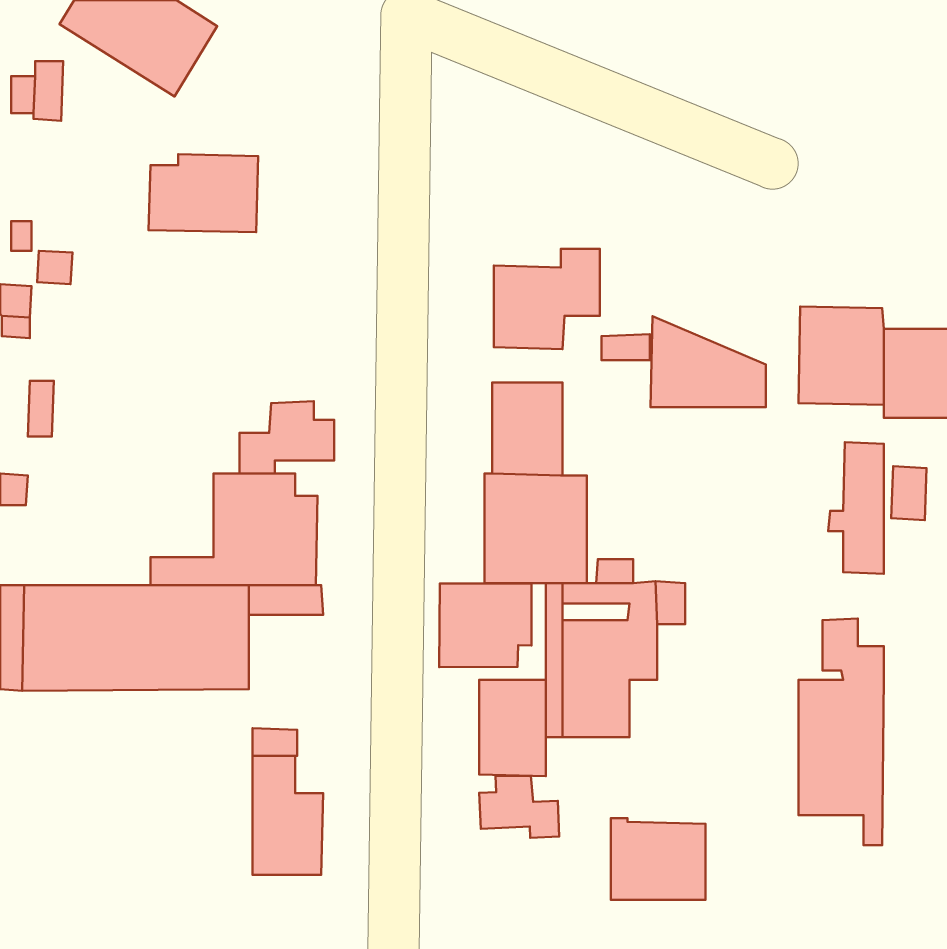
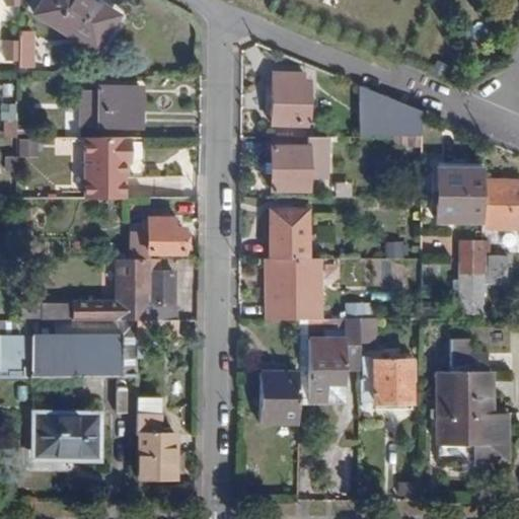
building: none -> [271,71,311,126]
building: none -> [84,137,131,199]
building: [651,316,766,407] -> [359,86,422,136]
building: [439,584,532,667] -> none
building: none -> [483,353,506,461]
building: none -> [34,413,99,458]
building: [479,776,559,838] -> none
building: [611,818,705,900] -> [362,357,414,401]

